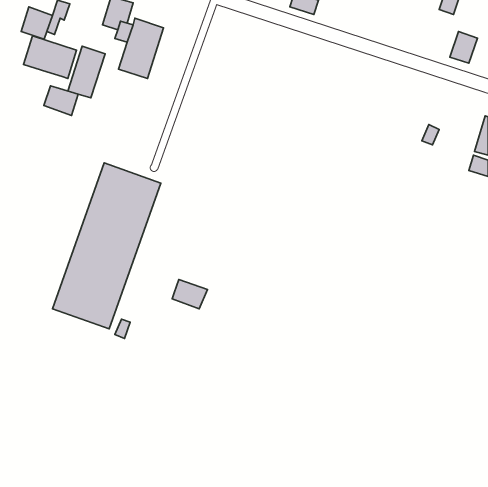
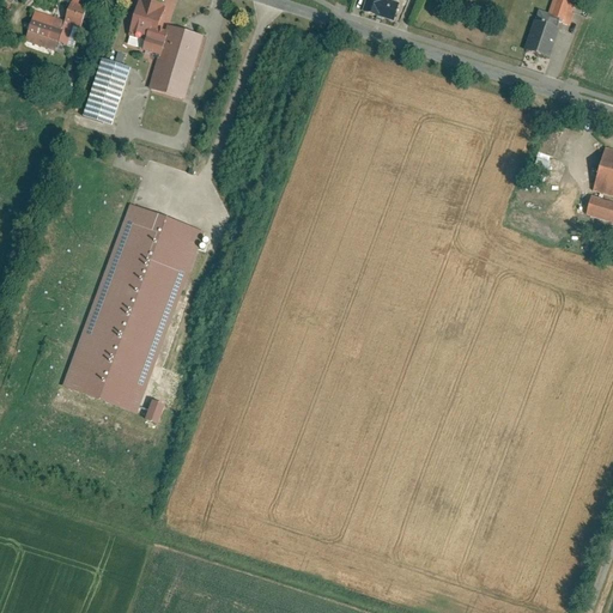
building: [450,31,477,63] -> [523,17,558,56]
building: [24,36,77,79] -> none
building: [44,86,78,115] -> none
building: [172,280,207,309] -> none

